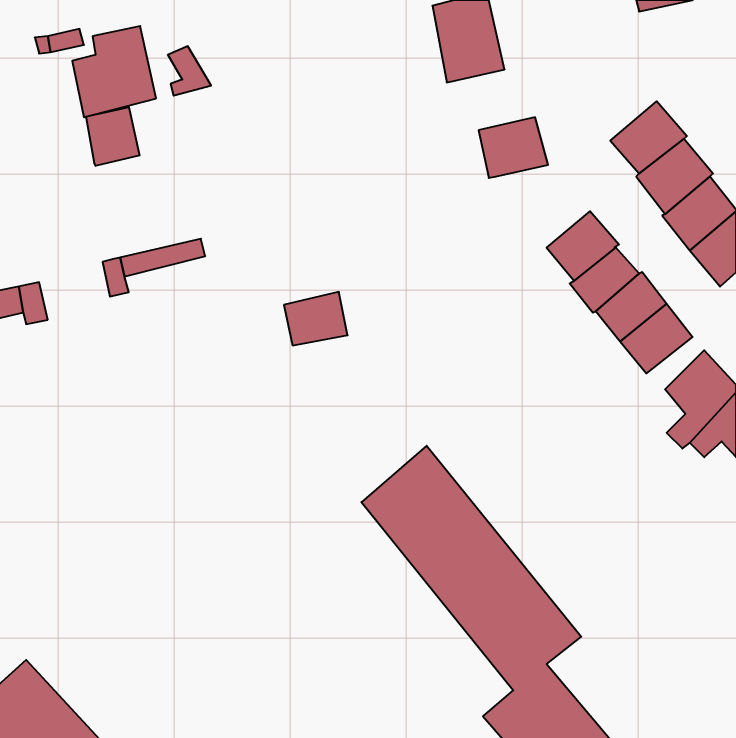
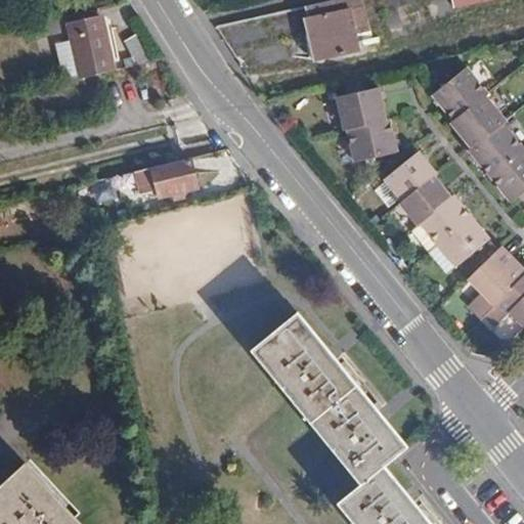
building: [86,107,140,166] -> none
building: none -> [351,118,397,158]
building: [284,292,348,345] -> [151,158,196,195]

